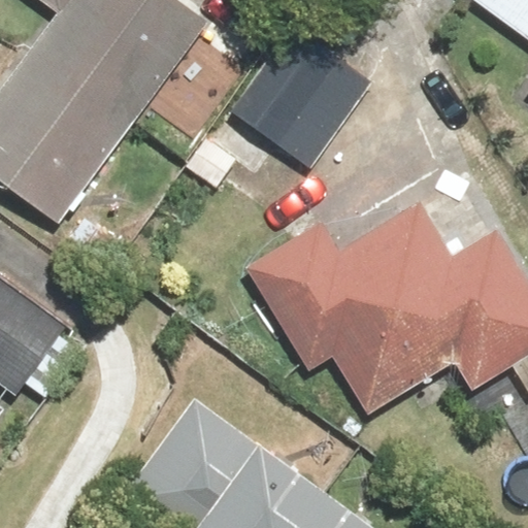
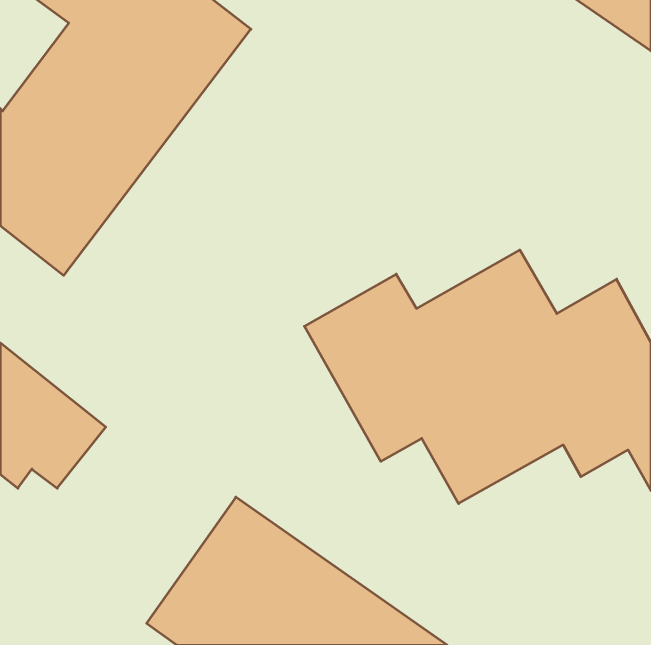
building: [245,37,369,166] -> none

